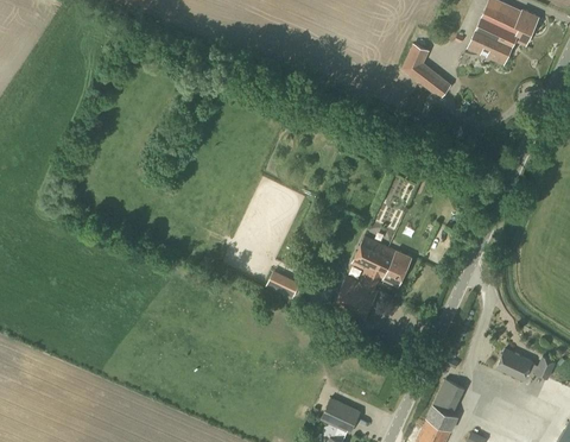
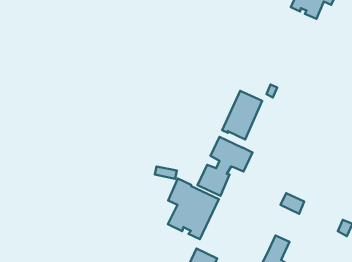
building: [403,46,450,99] -> none
building: none -> [168,179,219,239]
building: [496,351,531,380] -> [280,193,304,214]

